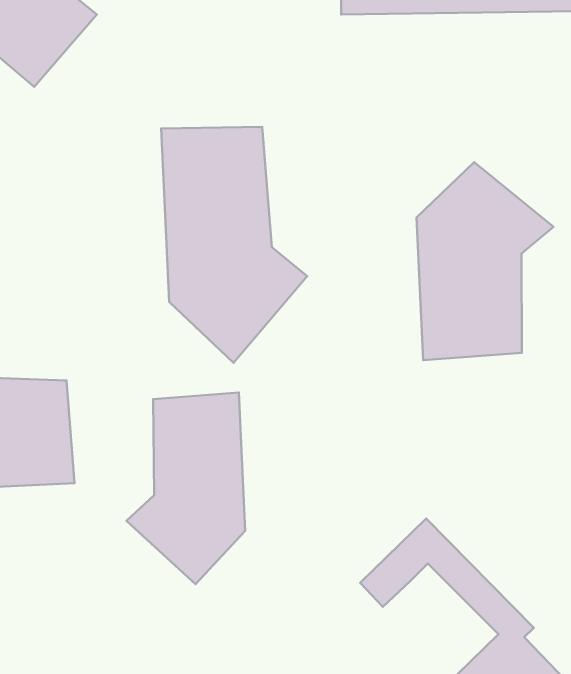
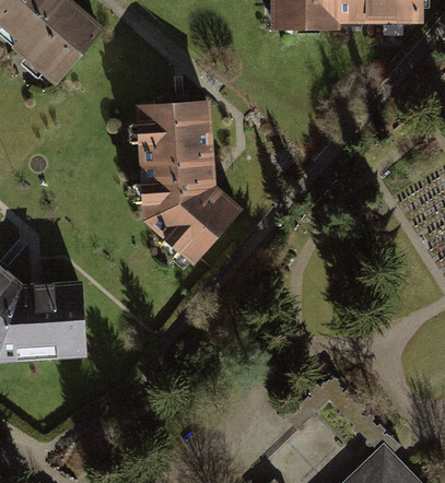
building: [416,162,553,360] -> none
building: [126,393,245,584] -> none

